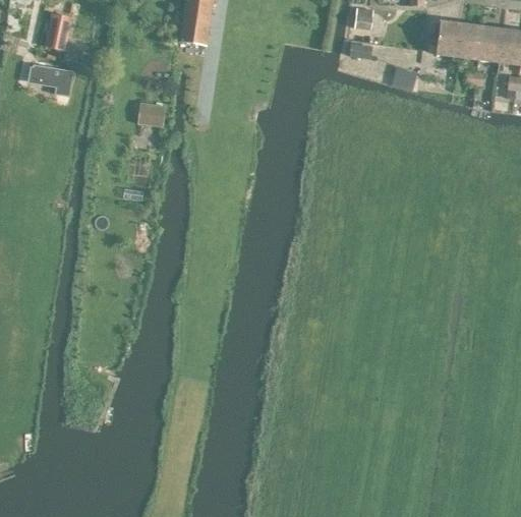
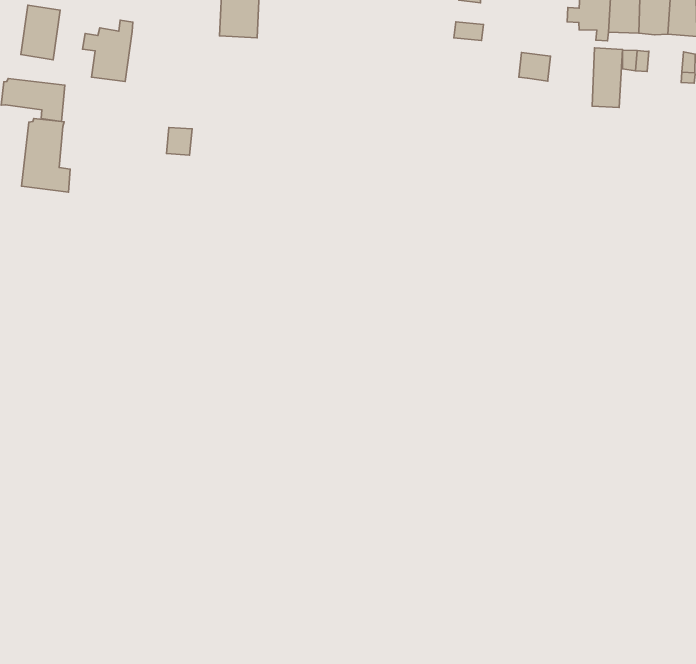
building: none -> [82,20,133,81]
building: none -> [592,48,623,108]
building: none -> [22,119,70,192]

